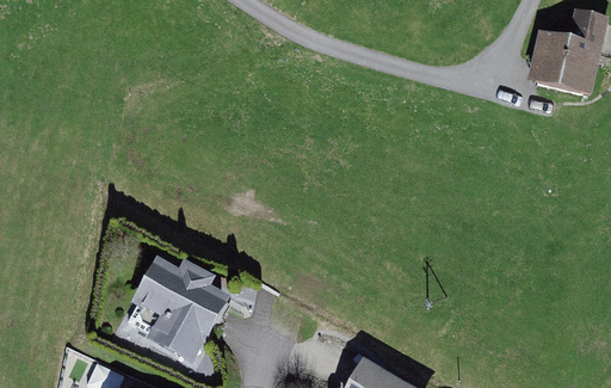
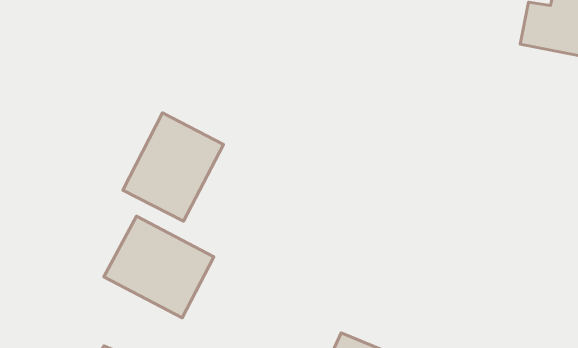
building: none -> [123,113,224,221]

